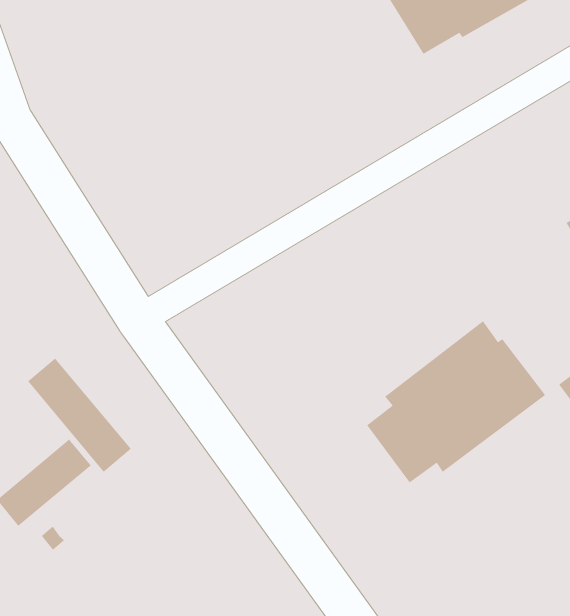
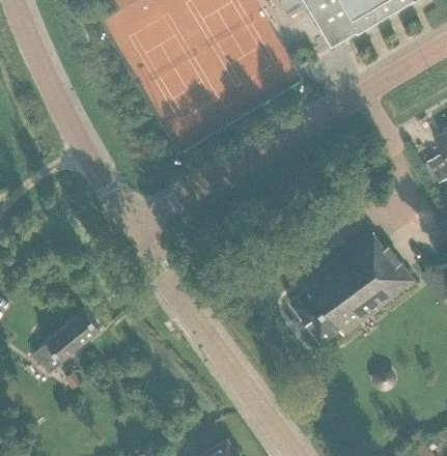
building: [27,357,132,473] -> none

